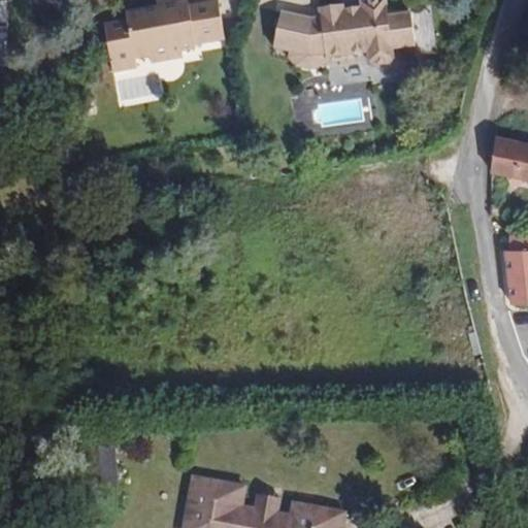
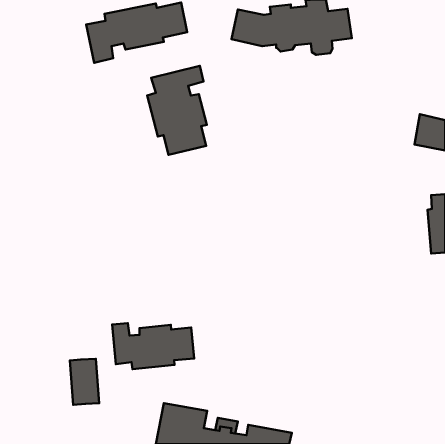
building: none -> [147,66,207,155]
building: none -> [112,323,194,369]

